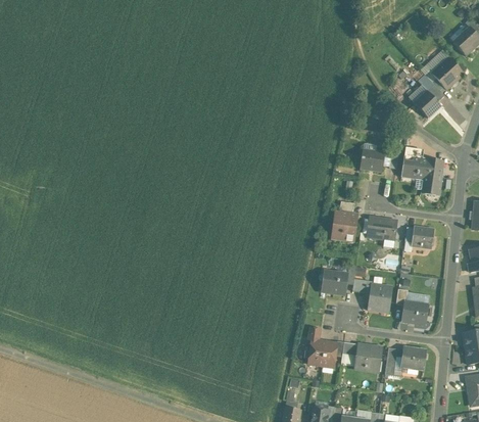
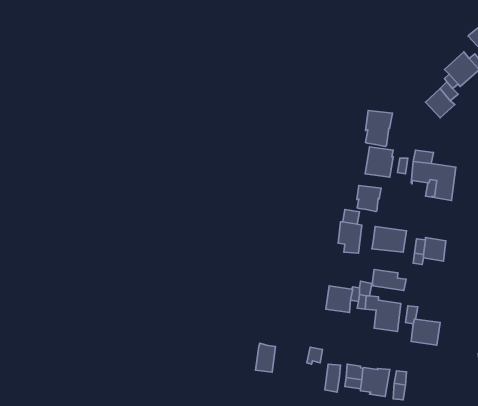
building: none -> [365,111,392,146]
building: none -> [357,186,381,211]
building: none -> [373,269,406,290]
building: [307,339,326,366] -> [255,343,276,372]
building: [401,347,426,369] -> none

